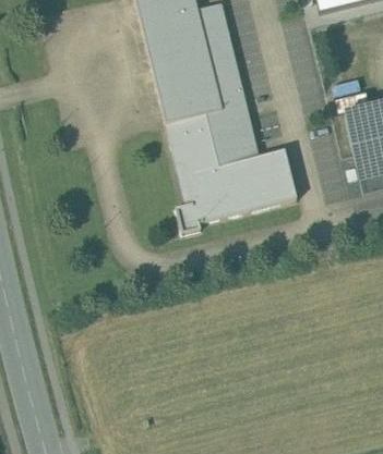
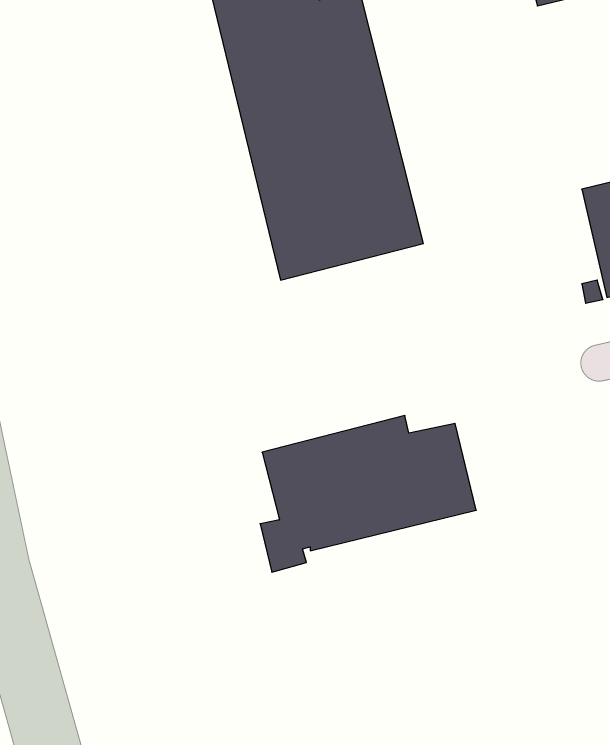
building: [175,145,297,233] -> [260,416,476,572]

